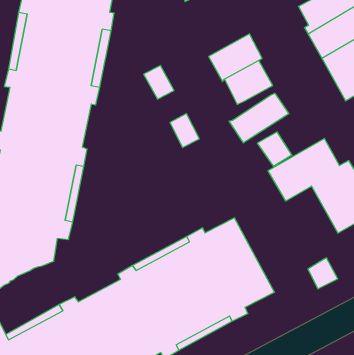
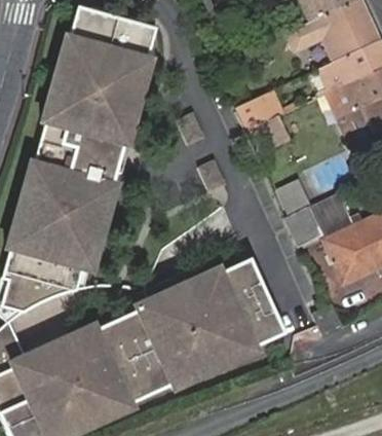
building: [229,93,289,143] -> none

